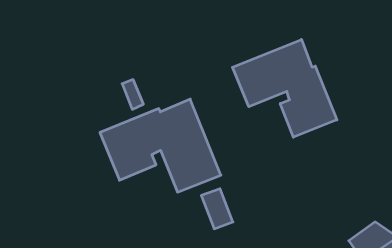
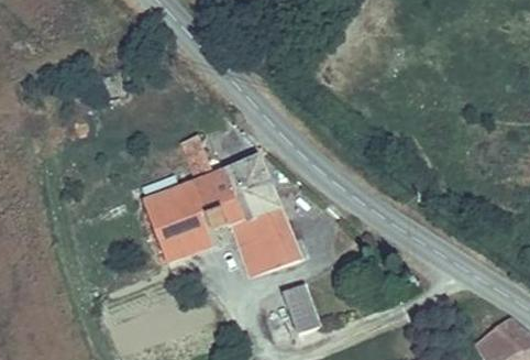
building: [232,39,337,137] -> none

